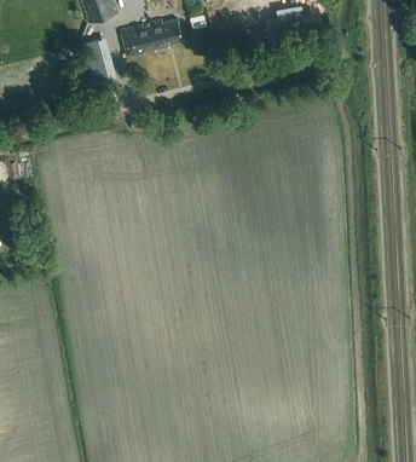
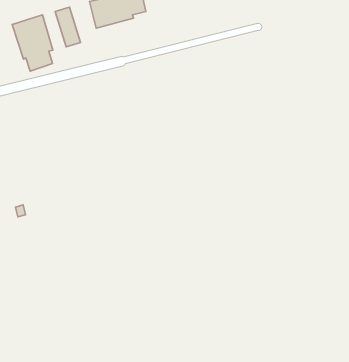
building: none -> [12,15,53,71]

